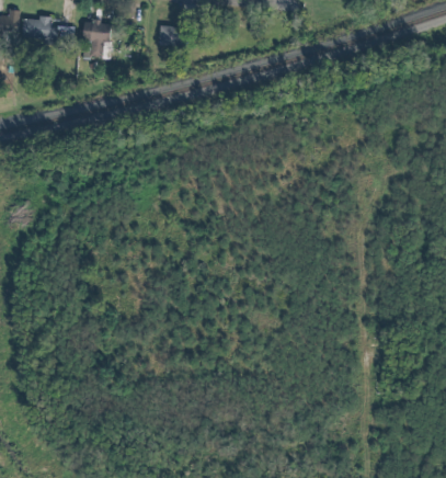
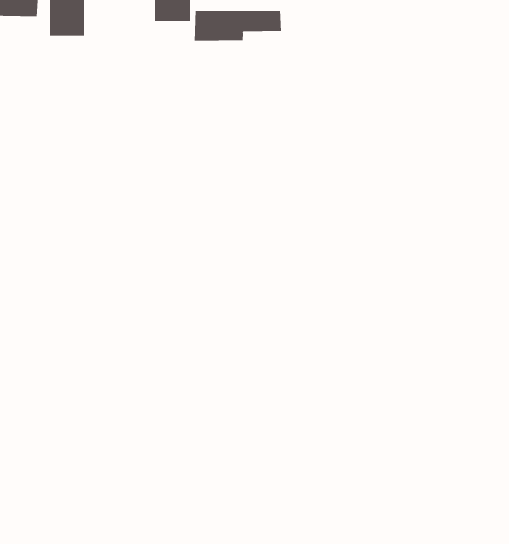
building: none -> [194,10,282,41]

